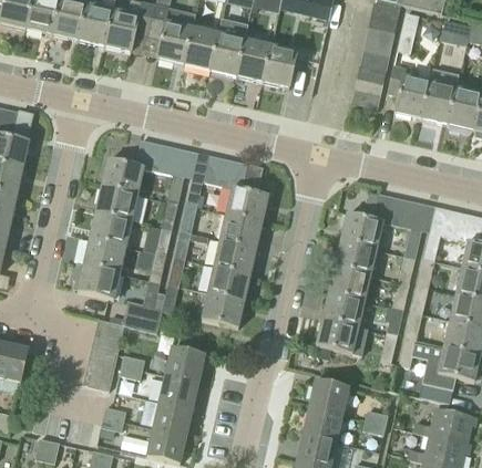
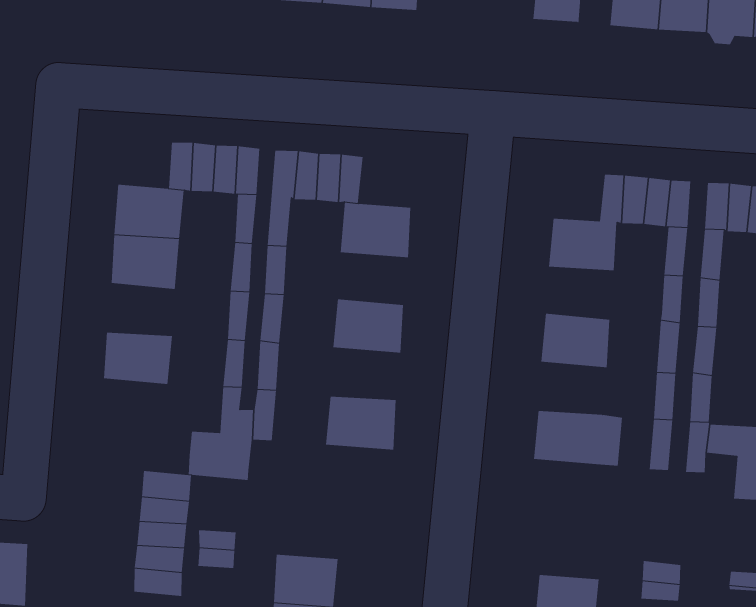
building: [89,211,131,246] -> none
building: [219,214,263,248] -> none
building: [334,239,376,273] -> none
building: [72,262,119,299] -> none
building: [207,266,250,300] -> none
building: [321,291,363,325] -> none
building: [164,347,204,383] -> none
building: [308,379,348,416] -> none

